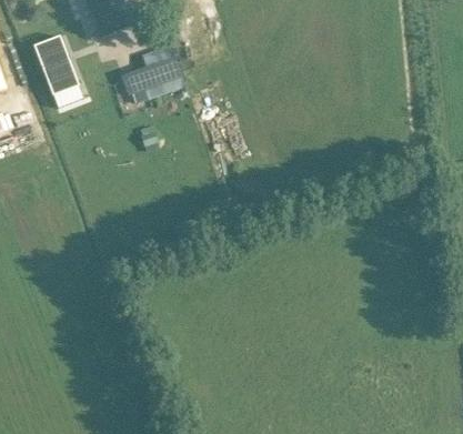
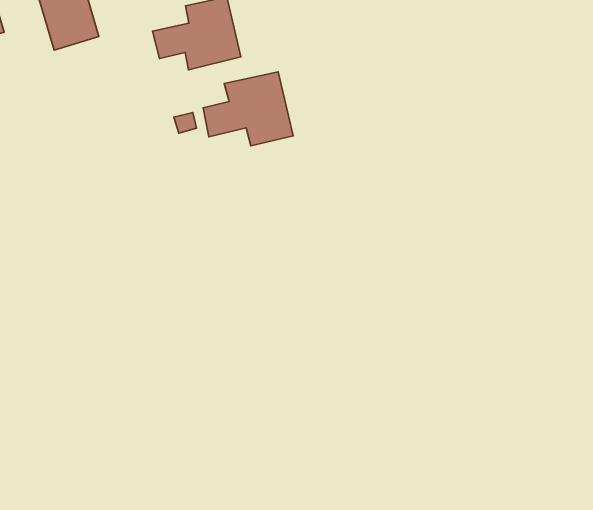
building: none -> [203,72,293,146]

